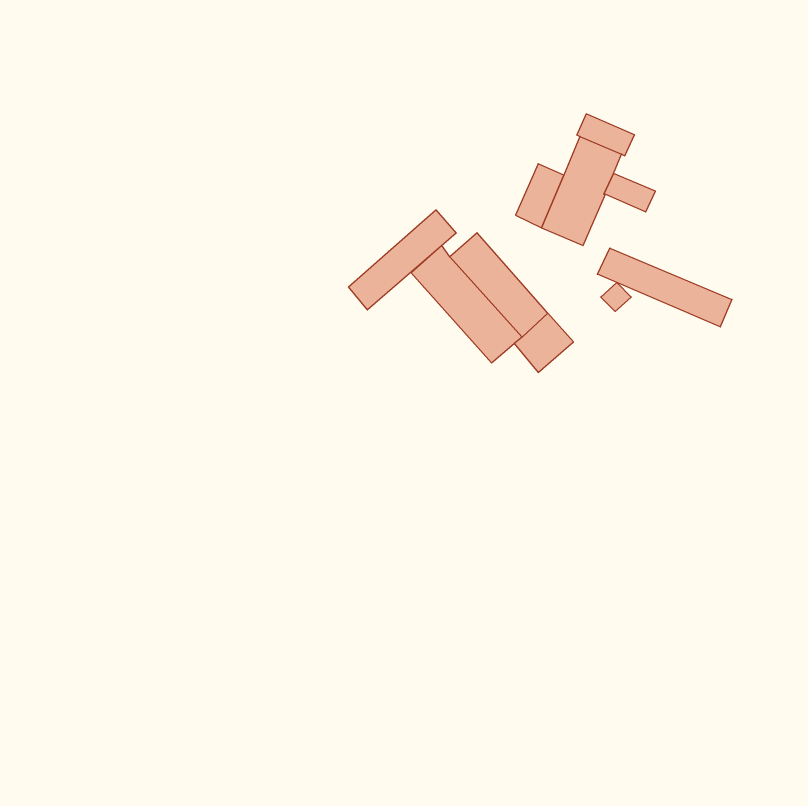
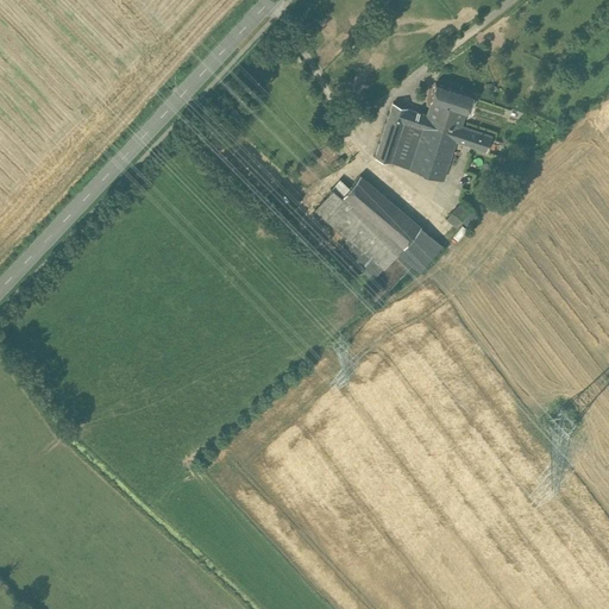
building: none -> [377,101,433,159]
building: [349,210,456,310] -> none
building: [597,248,732,327] -> none

